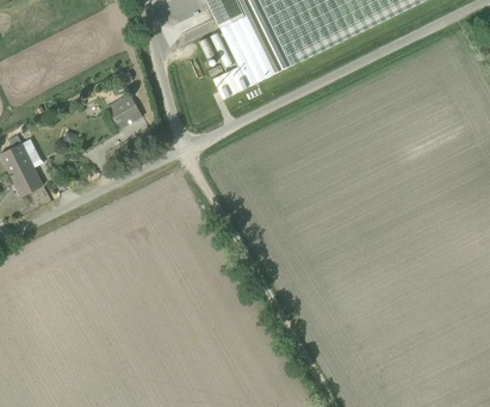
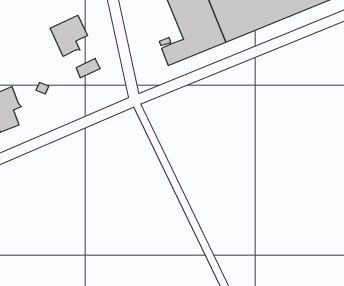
building: none -> [50,15,87,56]

